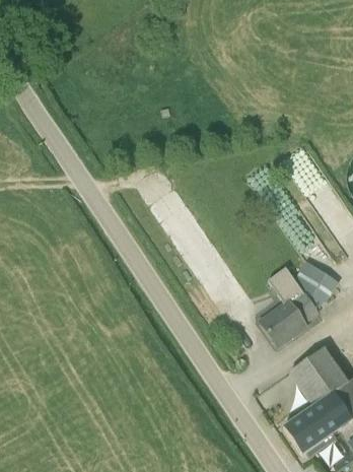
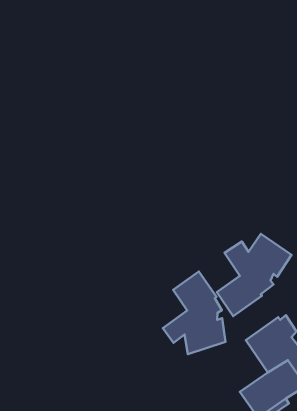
building: none -> [163,272,226,354]

